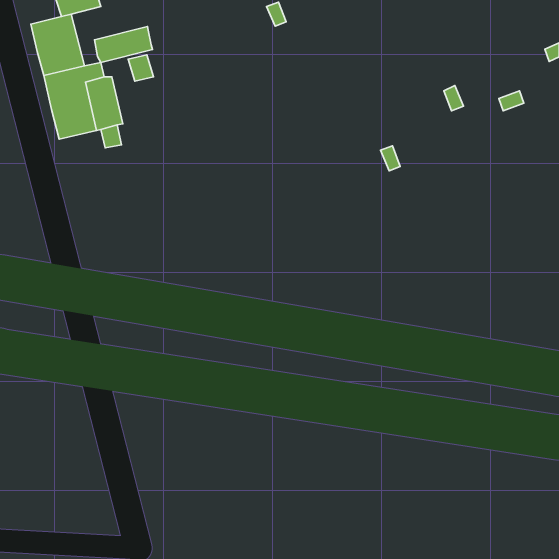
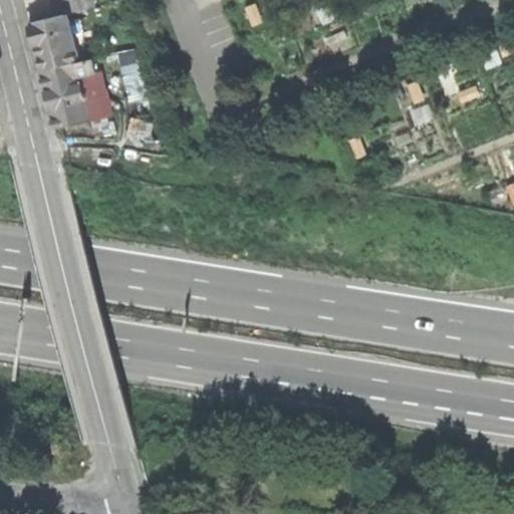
building: [94,26,153,62] -> none

